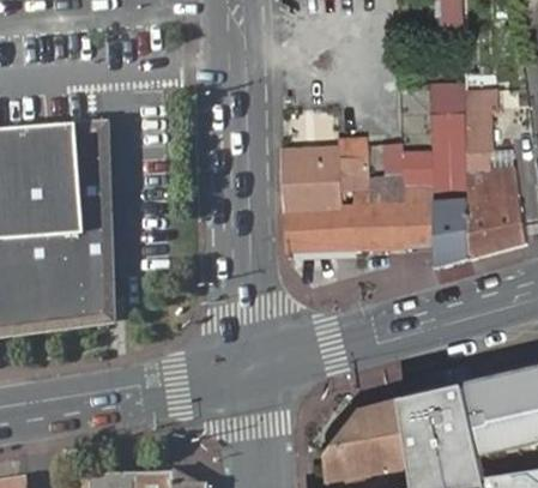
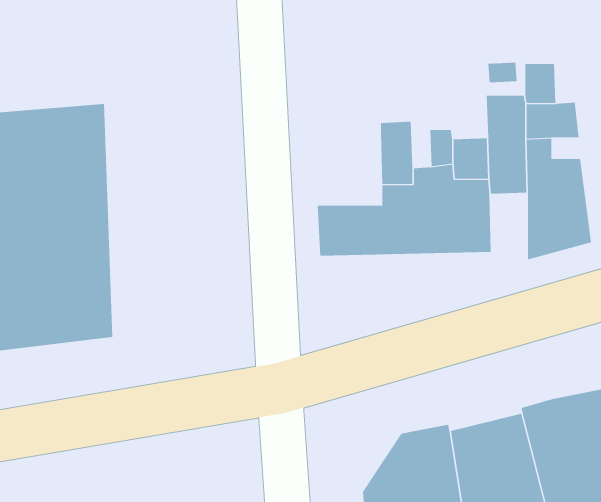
building: [284,144,344,207] -> none
building: [439,197,471,265] -> none

